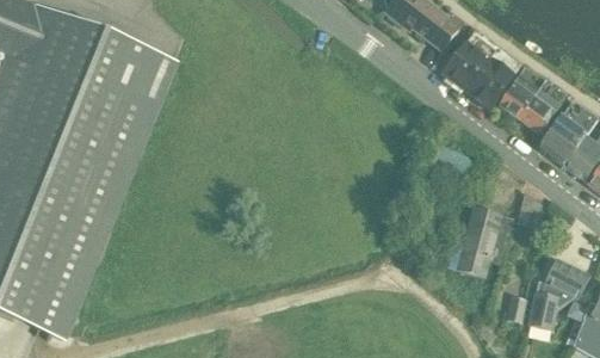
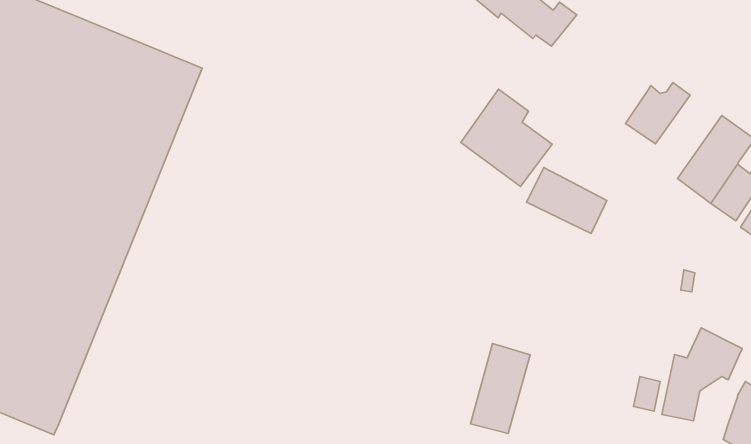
building: [443,33,512,107] -> [461,89,552,187]
building: [521,84,558,132] -> none
building: [454,208,500,276] -> [470,344,530,433]

